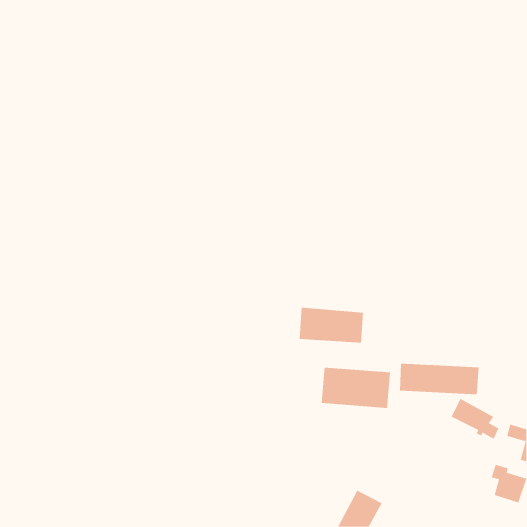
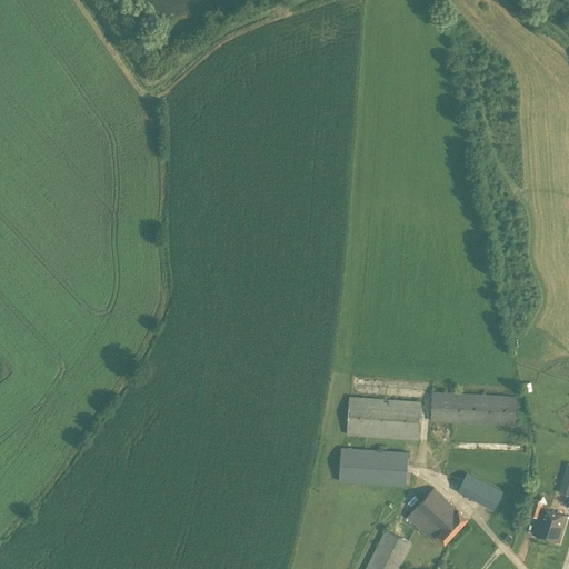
building: [299,307,364,343] -> [338,447,408,486]
building: [451,398,499,440] -> [457,471,509,516]
building: none -> [407,487,468,543]

